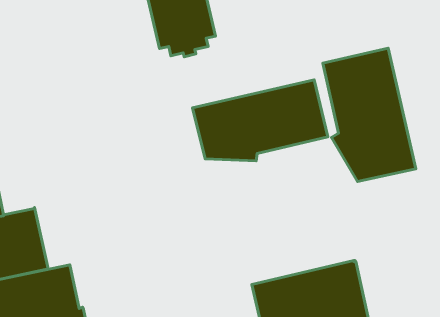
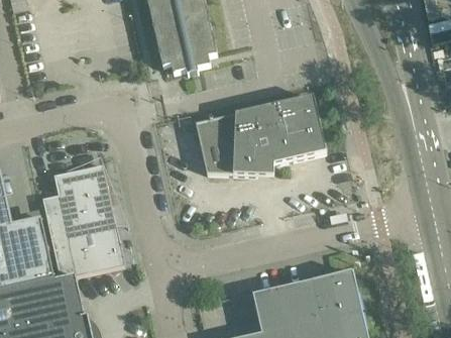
building: [323,48,416,181] -> none
building: none -> [41,163,123,277]

